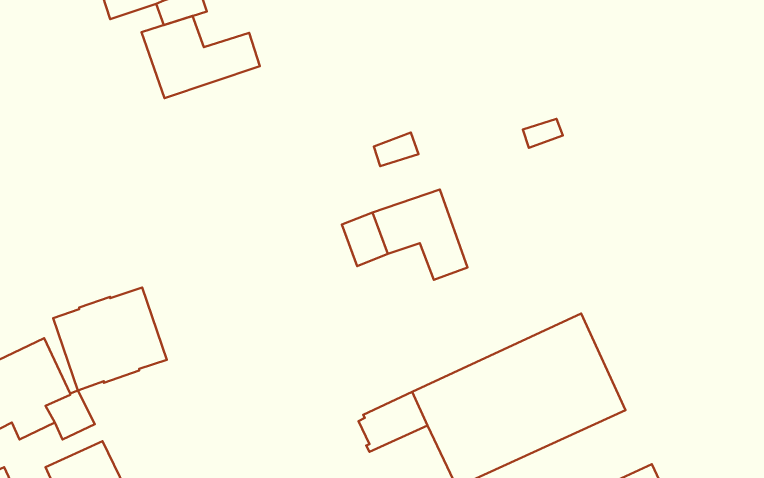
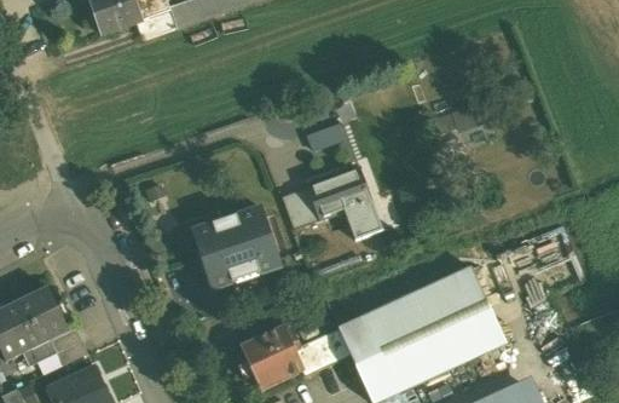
building: [142,16,260,98] -> none
building: [53,288,167,390] -> [191,207,280,288]
building: none -> [239,326,303,390]

